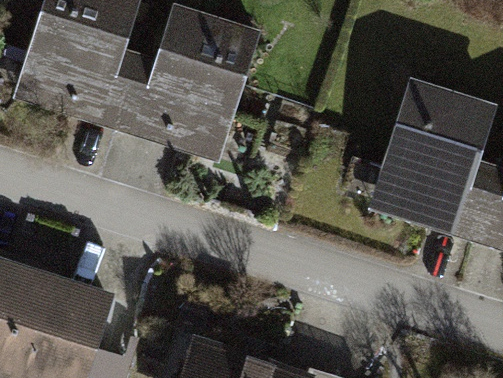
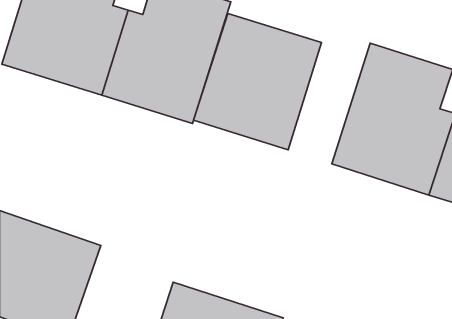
building: none -> [193,13,322,150]

